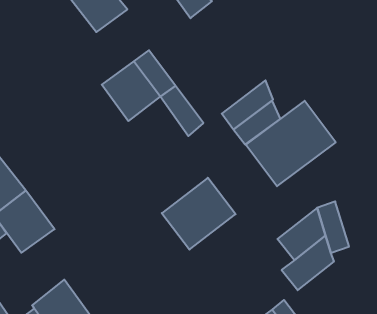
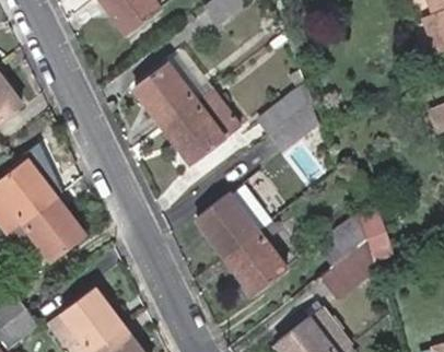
building: none -> [162,101,223,166]
building: [246,101,336,186] -> none
building: none -> [224,221,287,295]

